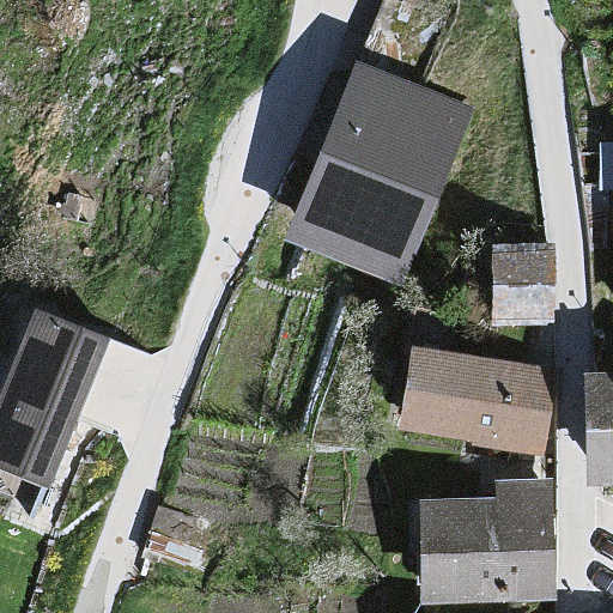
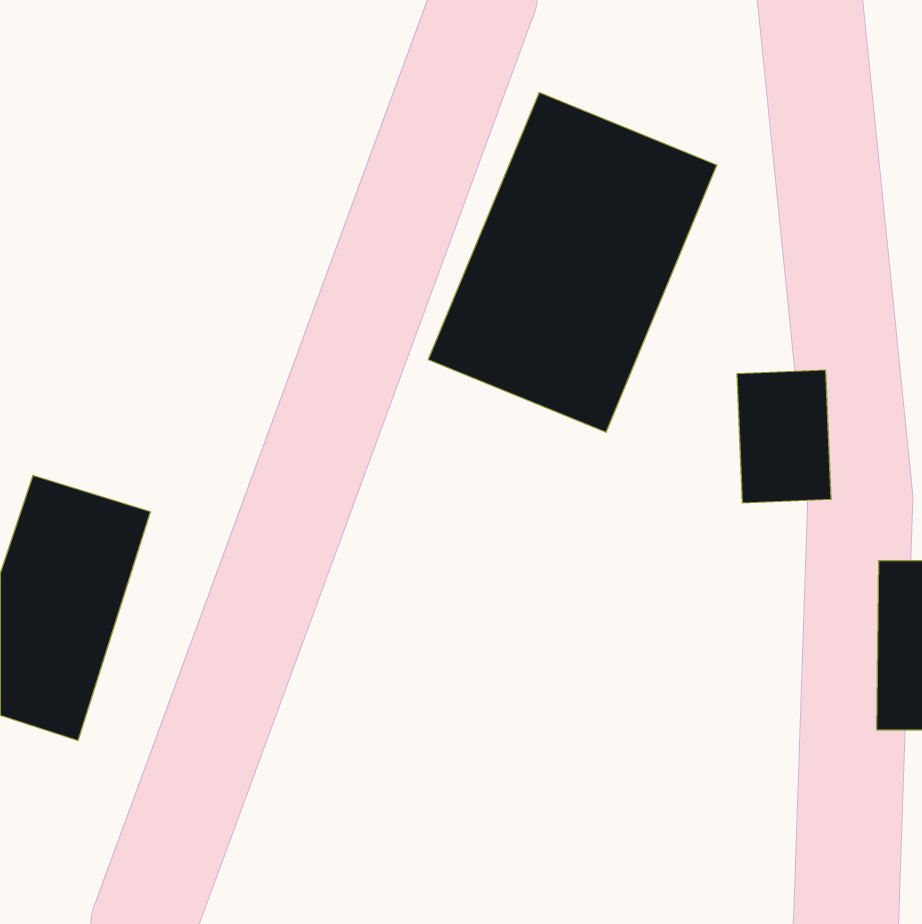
building: [399,344,553,456] -> none
building: [415,493,550,603] -> none

